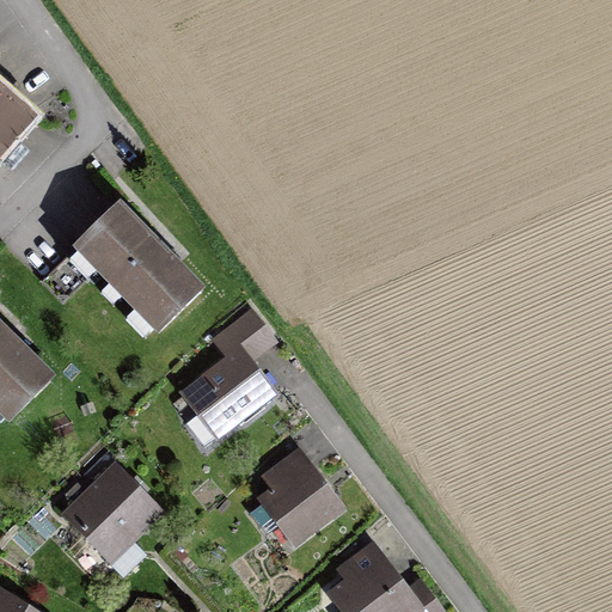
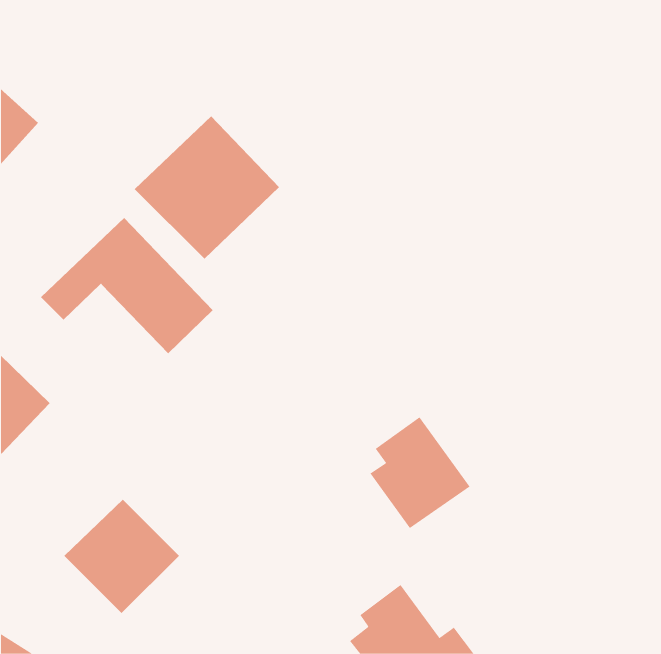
building: none -> [134,115,280,259]
building: [178,310,277,441] -> none
building: [255,446,348,550] -> [370,417,470,529]

